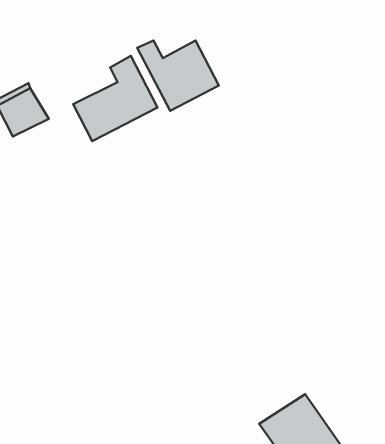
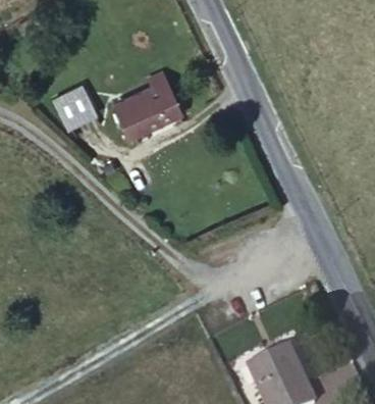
building: [137,40,219,111] -> none

